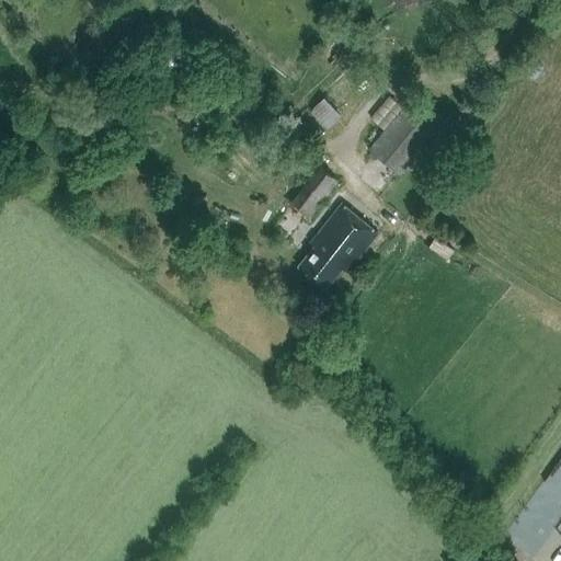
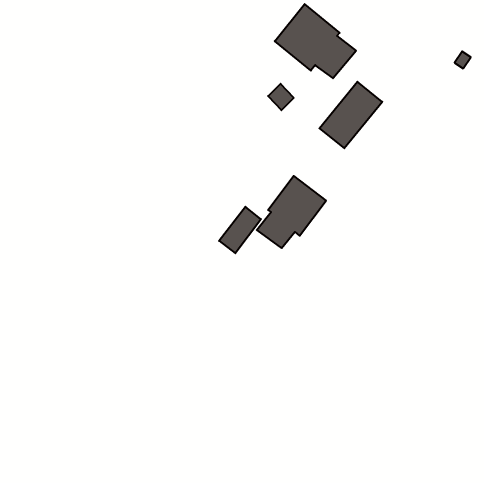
building: none -> [275,4,356,78]
building: [287,168,335,221] -> [219,207,261,253]

